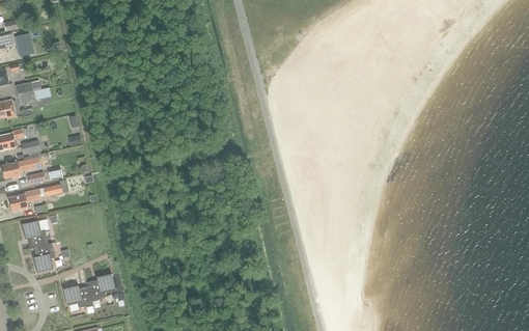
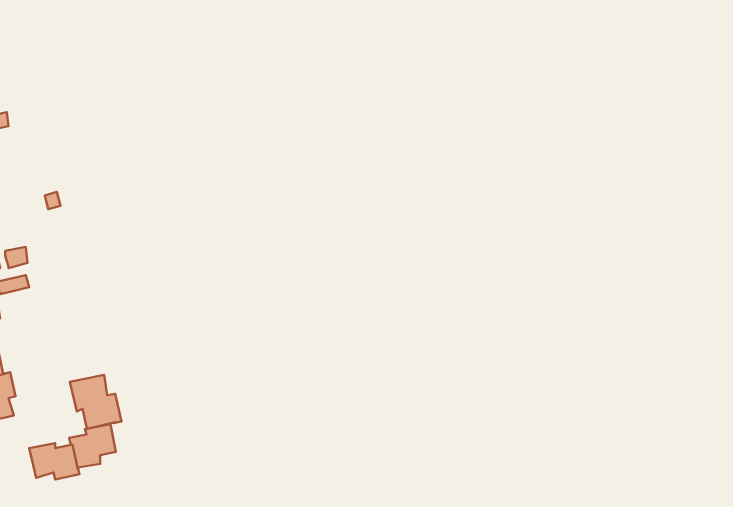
building: none -> [70,375,122,429]

